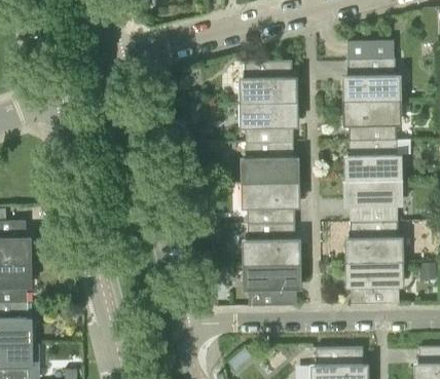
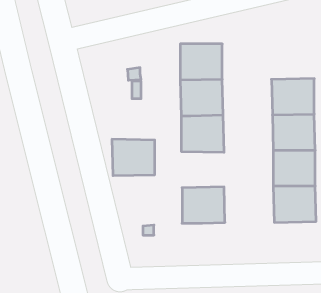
building: [349,40,397,100] -> none
building: [247,181,295,222] -> [112,139,155,176]
building: [352,260,399,302] -> none
building: [248,261,296,303] -> none

